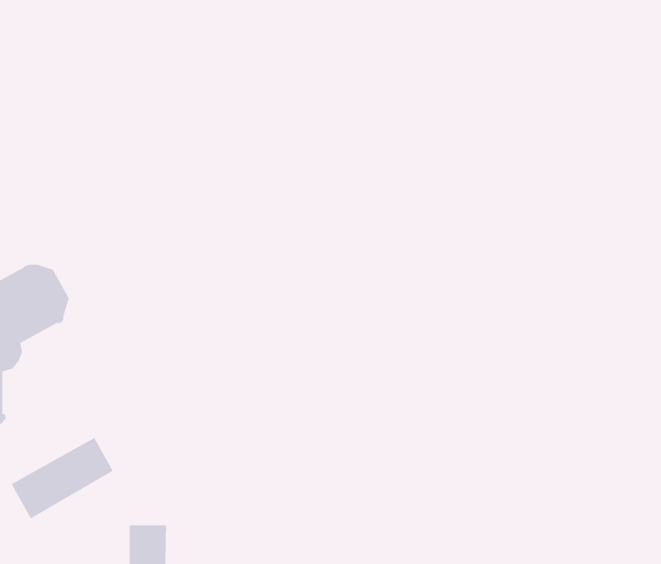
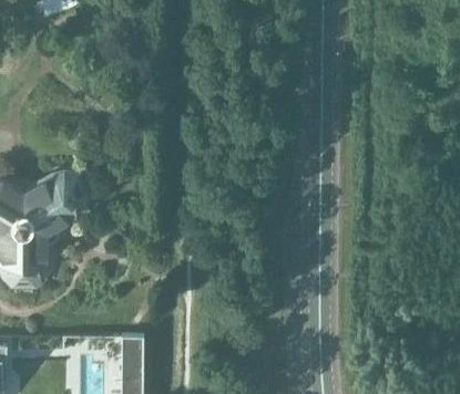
building: [11,437,113,520] -> none

